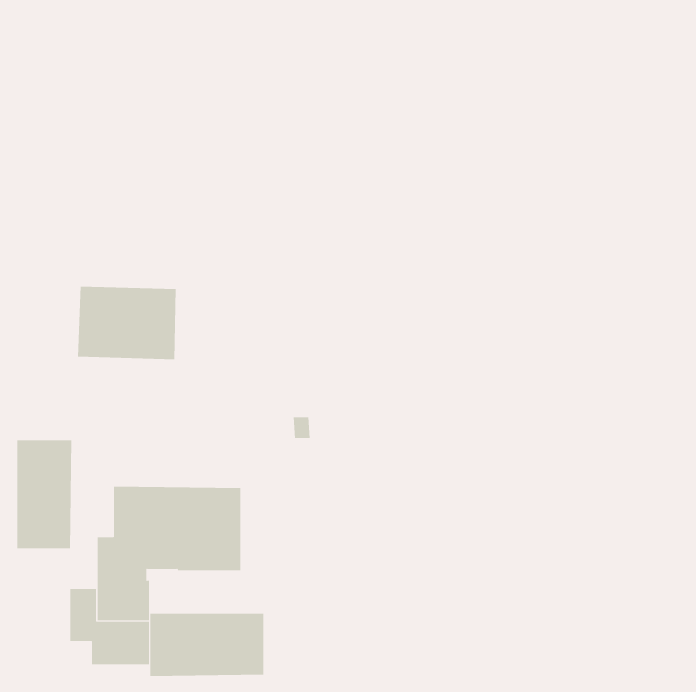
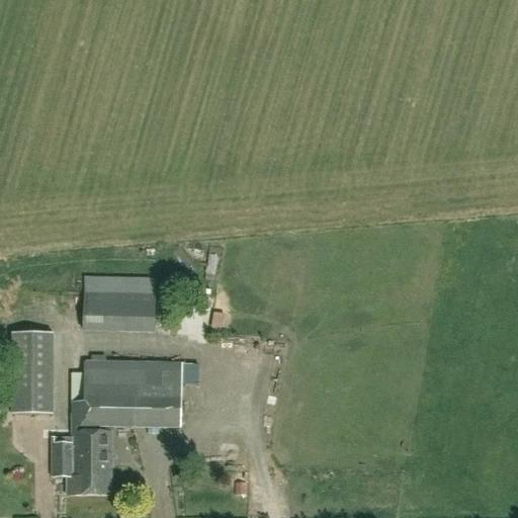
building: [77,286,177,360] -> [82,277,156,332]
building: [150,613,264,677] -> none

